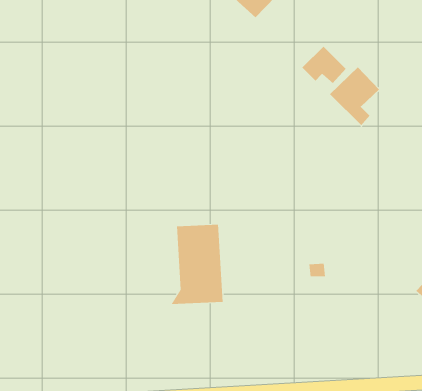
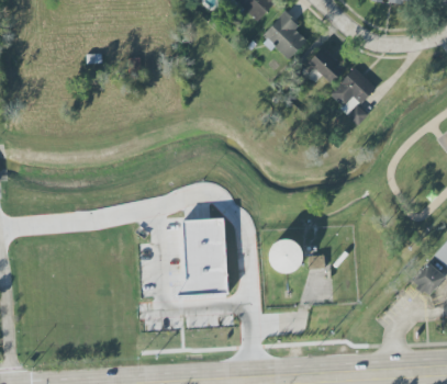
building: none -> [260,12,306,61]
building: none -> [268,239,302,272]

